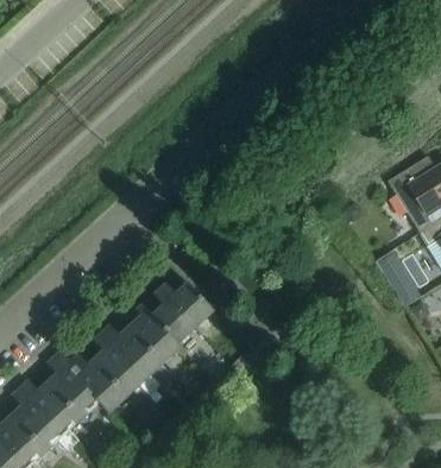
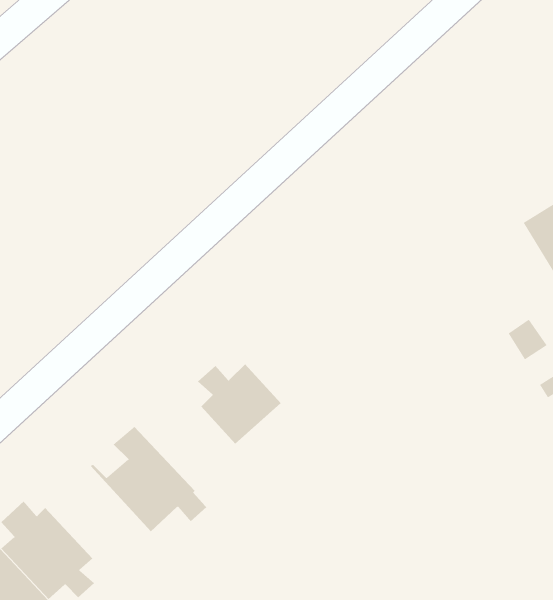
building: [107,303,181,382] -> none
building: [43,353,119,420] -> none

